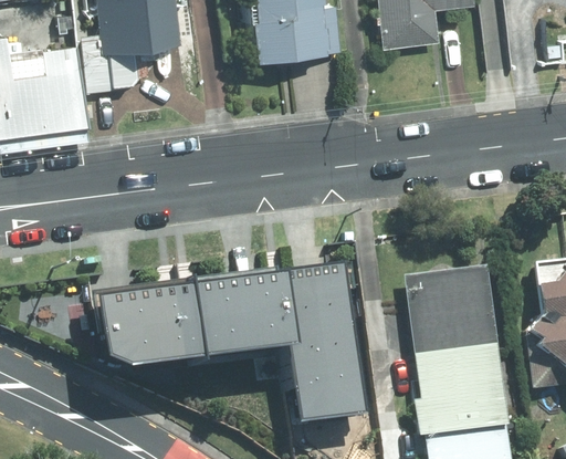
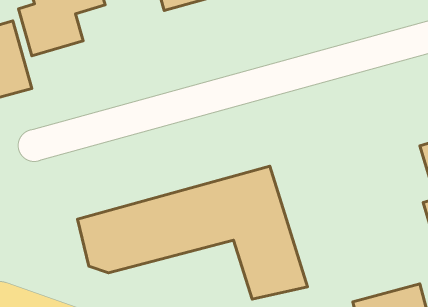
building: [405,268,507,436] -> none

